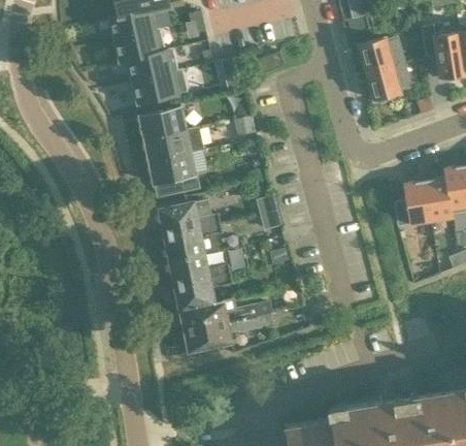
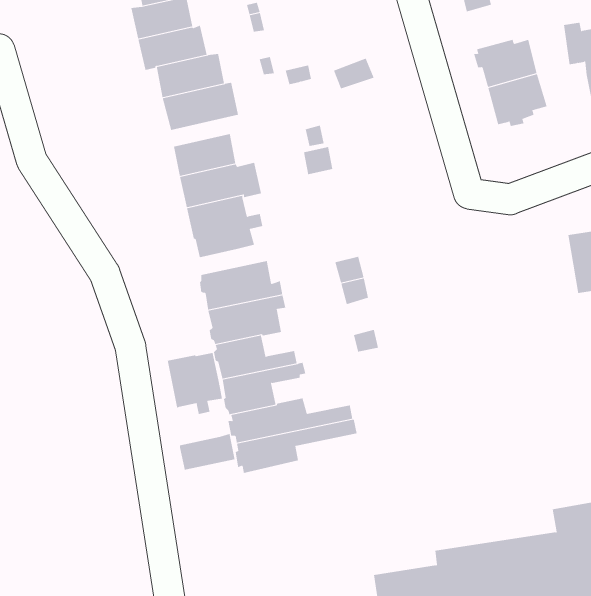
building: [393,180,431,227] -> none
building: none -> [167,352,222,415]
building: none -> [179,433,235,470]

